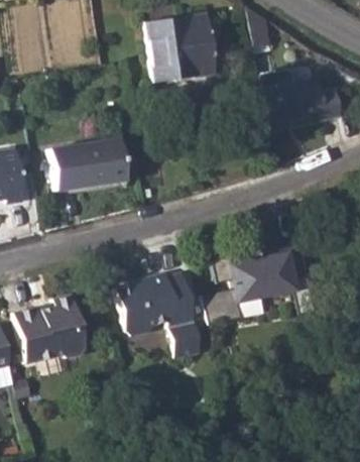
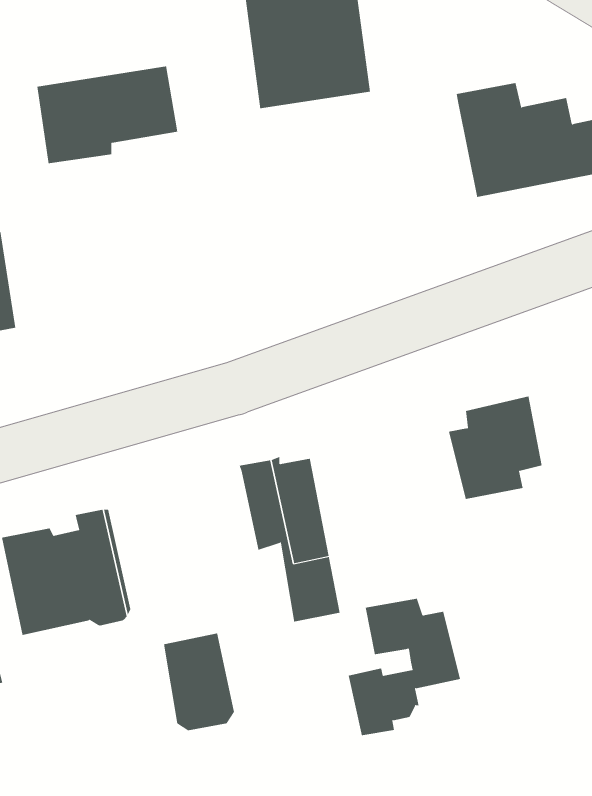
building: [51,138,127,191] -> [37,66,178,164]
building: [206,248,266,322] -> [348,598,461,736]
building: [117,276,155,329] -> [163,633,235,731]

